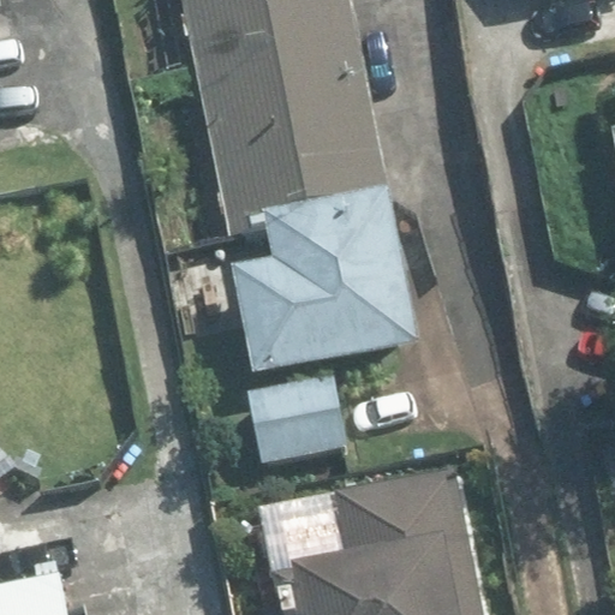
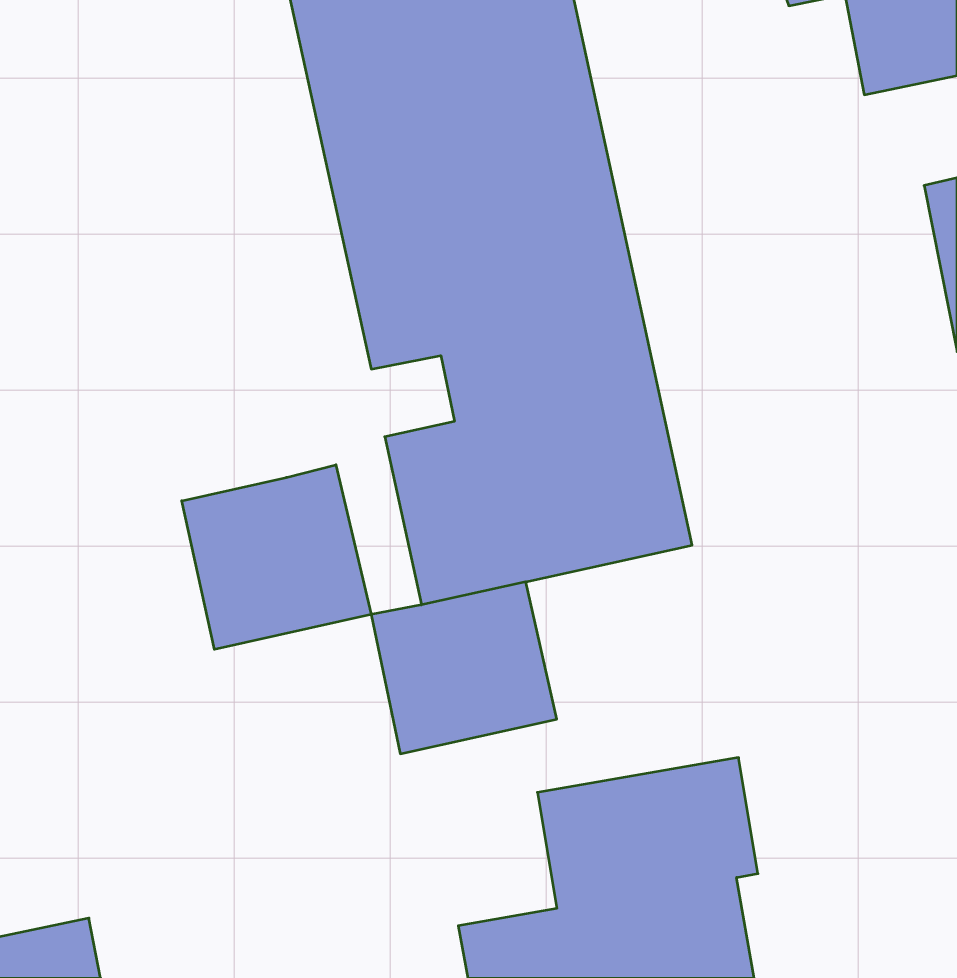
building: none -> [182,465,371,649]

